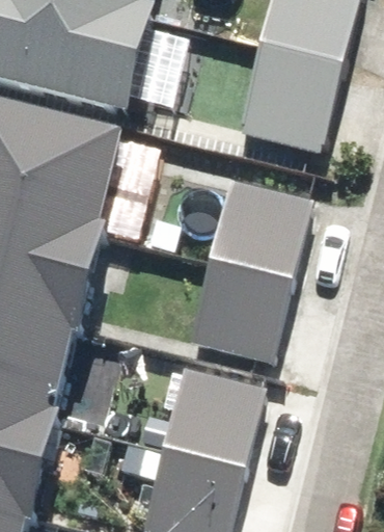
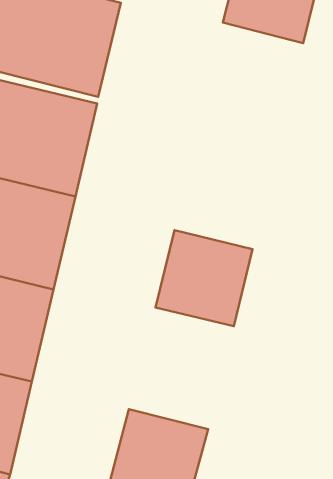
building: [238,43,345,152] -> none
building: [210,180,311,281] -> none
building: [162,368,265,470] -> none

